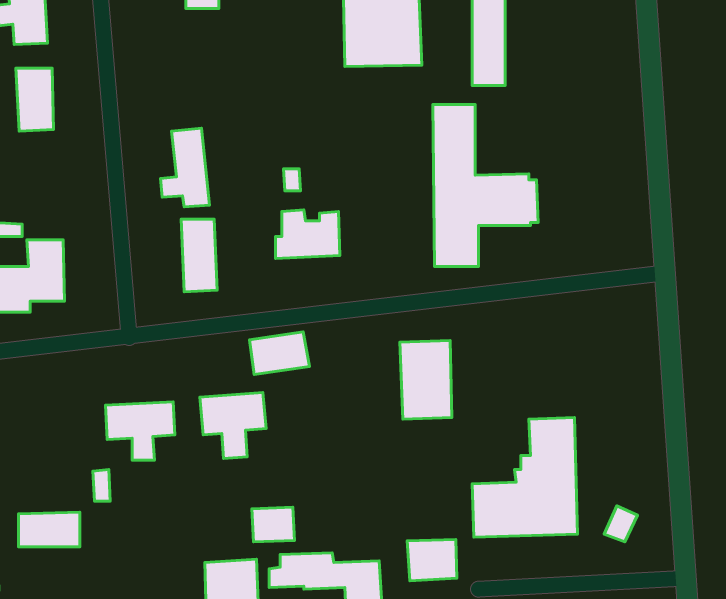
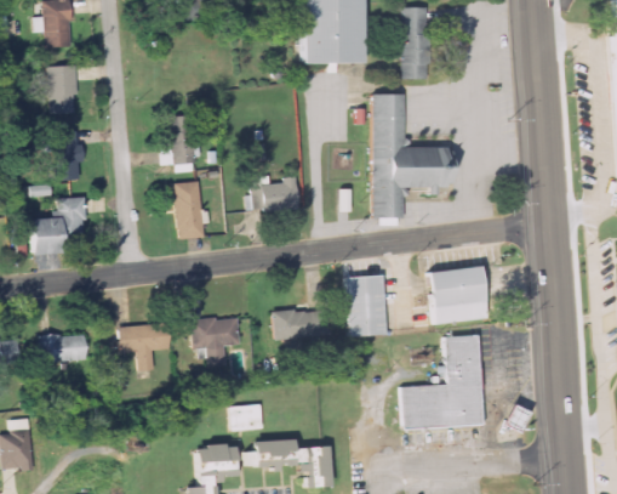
building: none -> [55,130,82,180]
building: none -> [428,267,487,325]
building: [250,332,309,374] -> [273,307,319,340]
building: [18,512,80,547] -> [44,334,91,360]
building: [407,540,457,581] -> none

